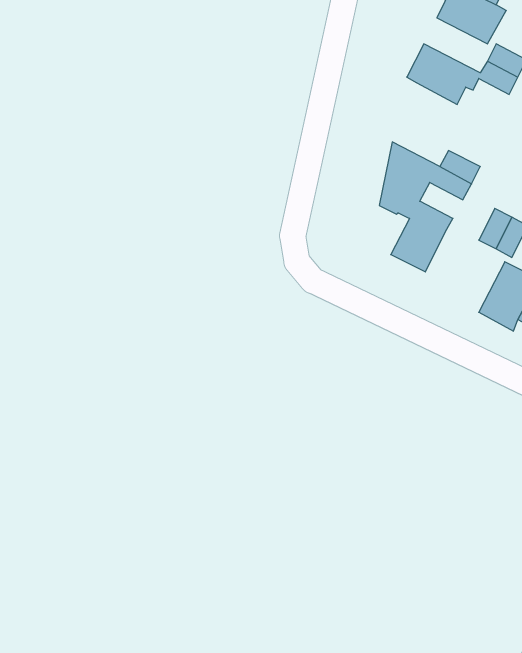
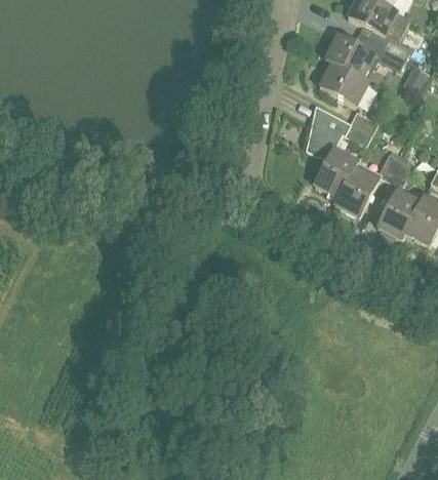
building: none -> [320,62,368,105]
building: none -> [335,167,377,215]

